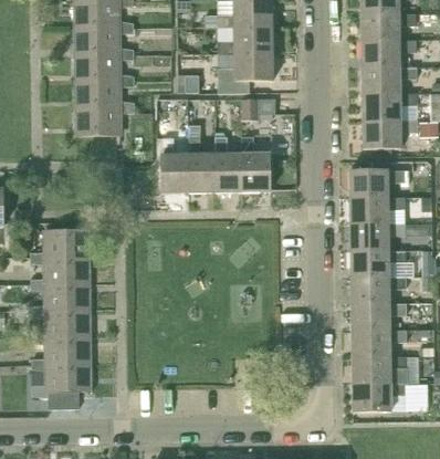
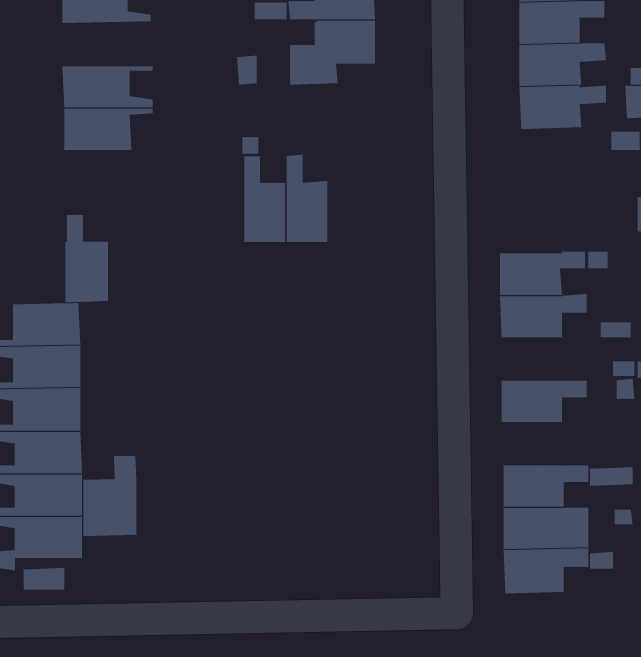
building: [75,53,133,81] -> none
building: [240,98,273,119] -> none
building: [363,119,417,148] -> none
building: [242,136,270,191] -> none
building: [161,137,189,192] -> [65,215,109,303]
building: [349,170,404,198] -> none
building: [350,250,405,278] -> none
building: [350,303,405,331] -> none
building: none -> [83,455,137,537]

